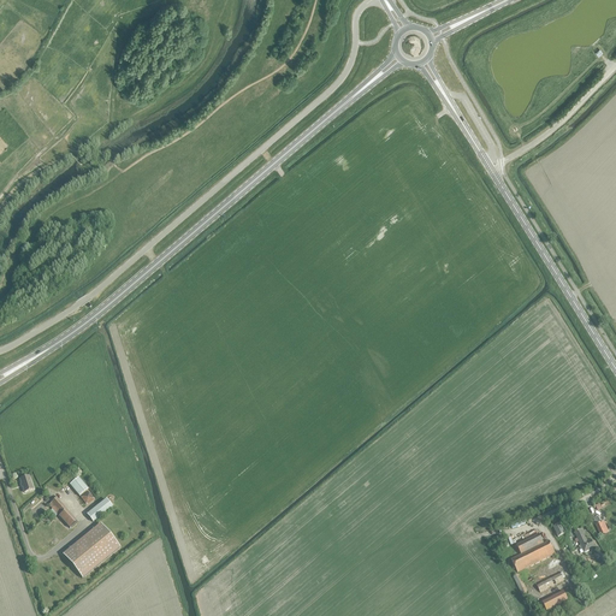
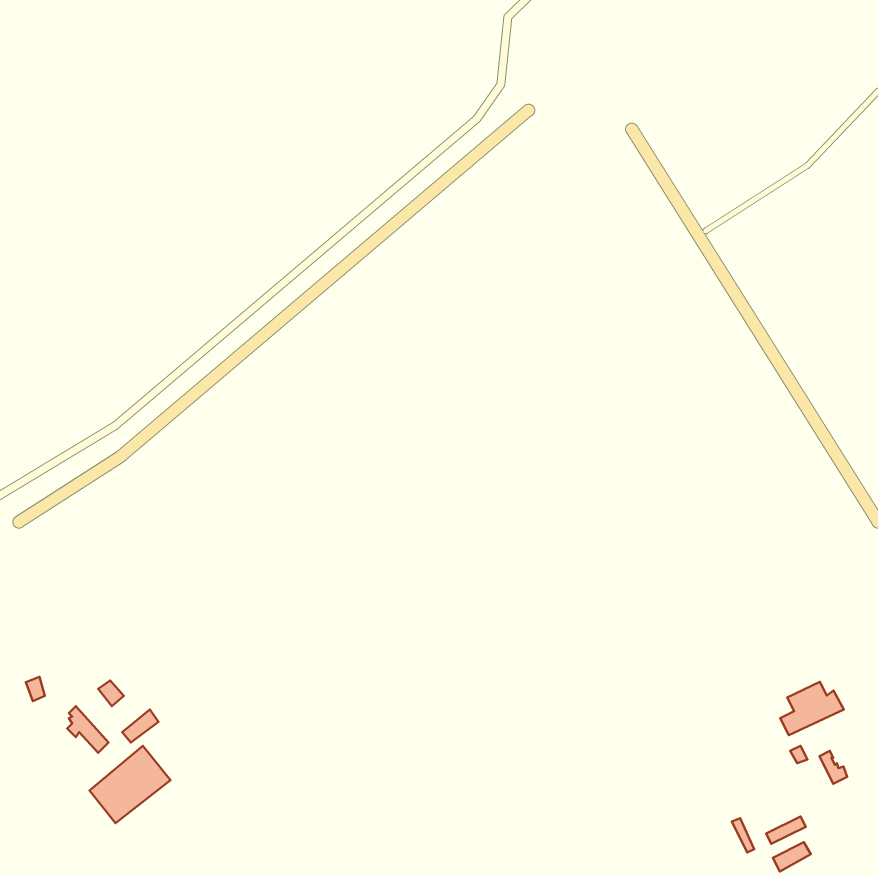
building: [510,532,555,569] -> [780,682,844,735]

